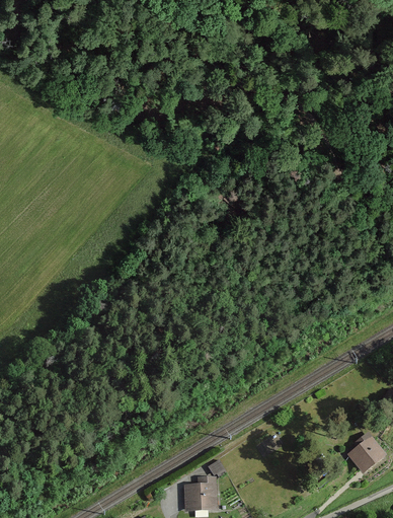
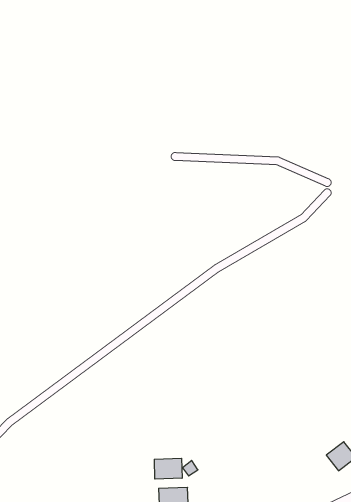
building: none -> [154,458,182,479]

